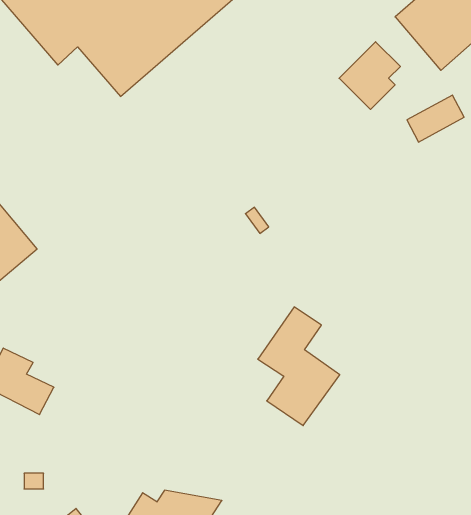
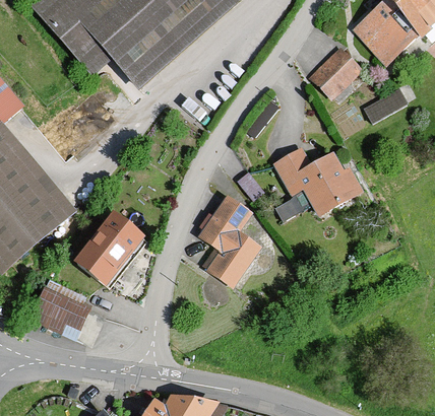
building: none -> [272,145,364,215]
building: none -> [76,215,146,287]
building: [258,307,340,426] -> [198,196,262,288]

